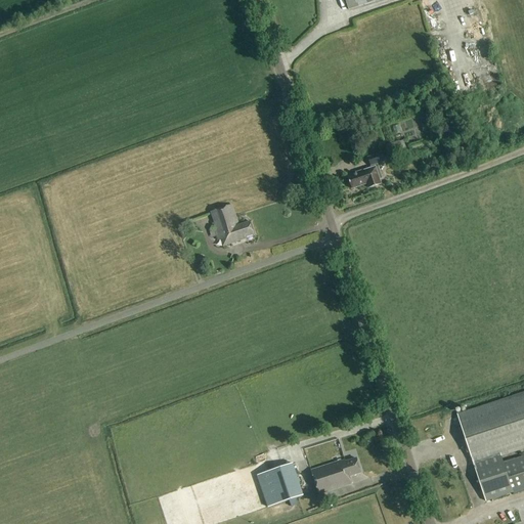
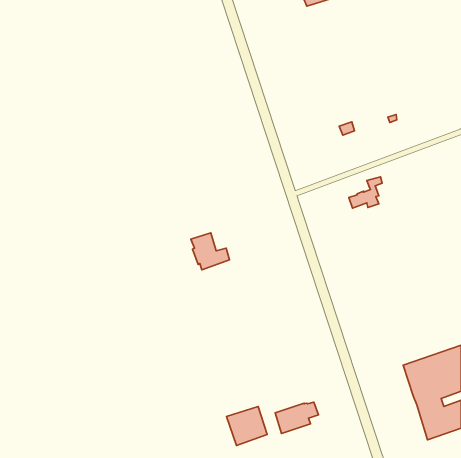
building: [347,151,385,187] -> [349,177,382,208]
building: [210,203,254,245] -> [191,233,230,270]

